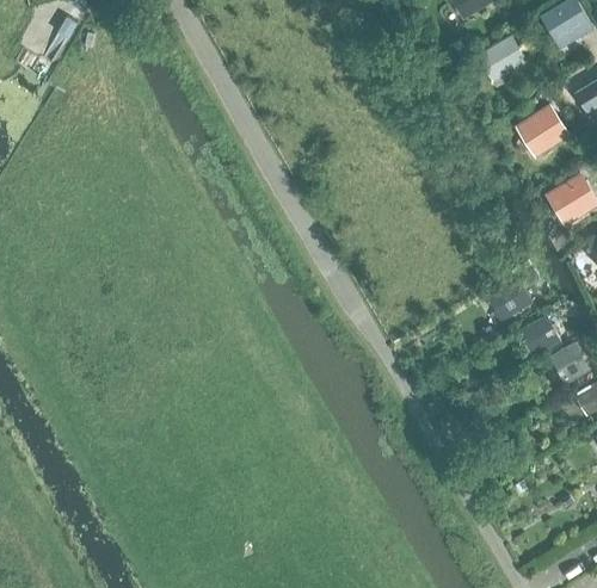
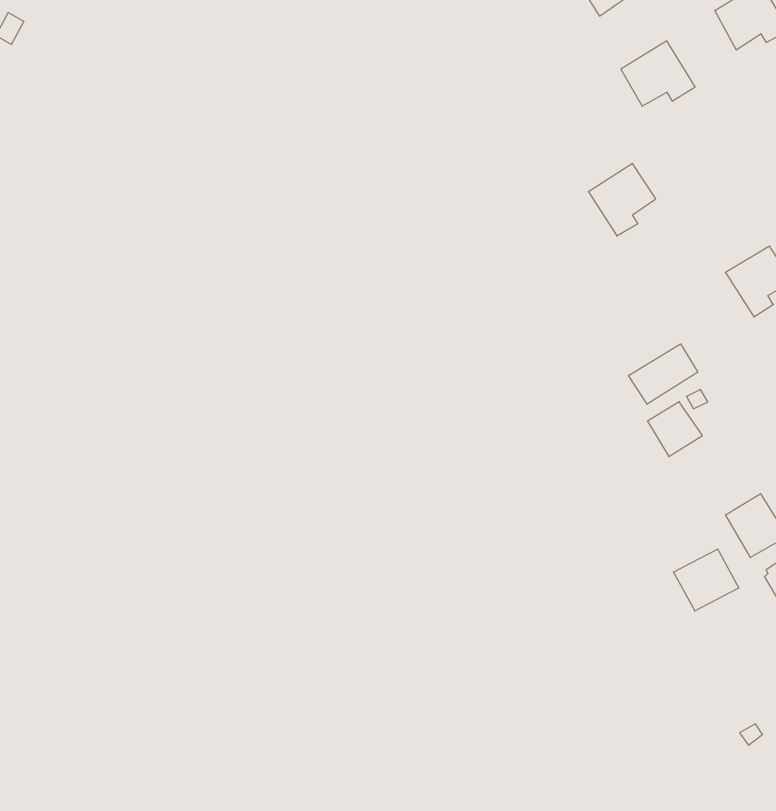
building: [518,106,564,155] -> [588,163,656,236]
building: none -> [628,344,698,404]
building: [517,316,561,358] -> [673,549,739,611]

